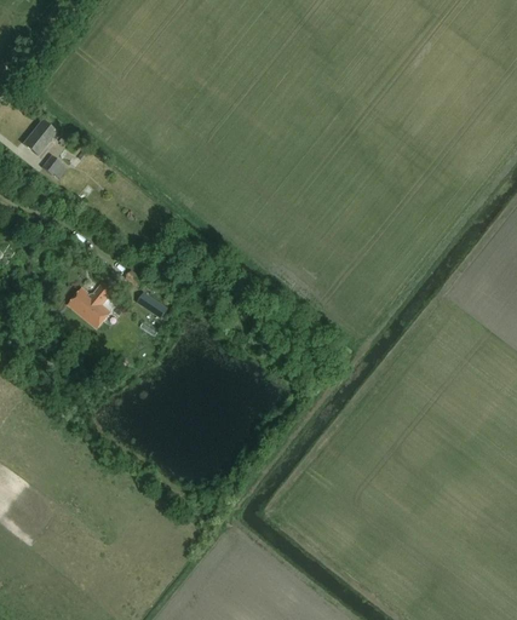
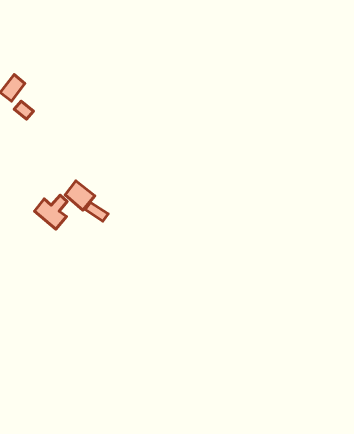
building: none -> [65,181,95,210]

